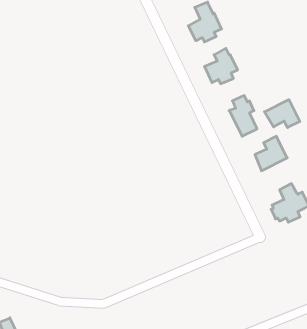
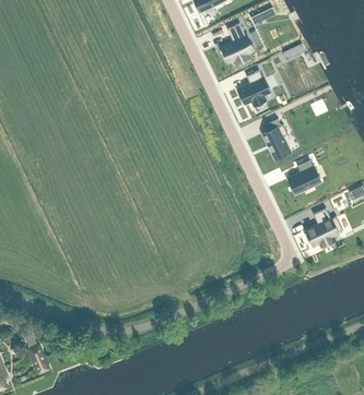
building: [264,100,300,128] -> none

